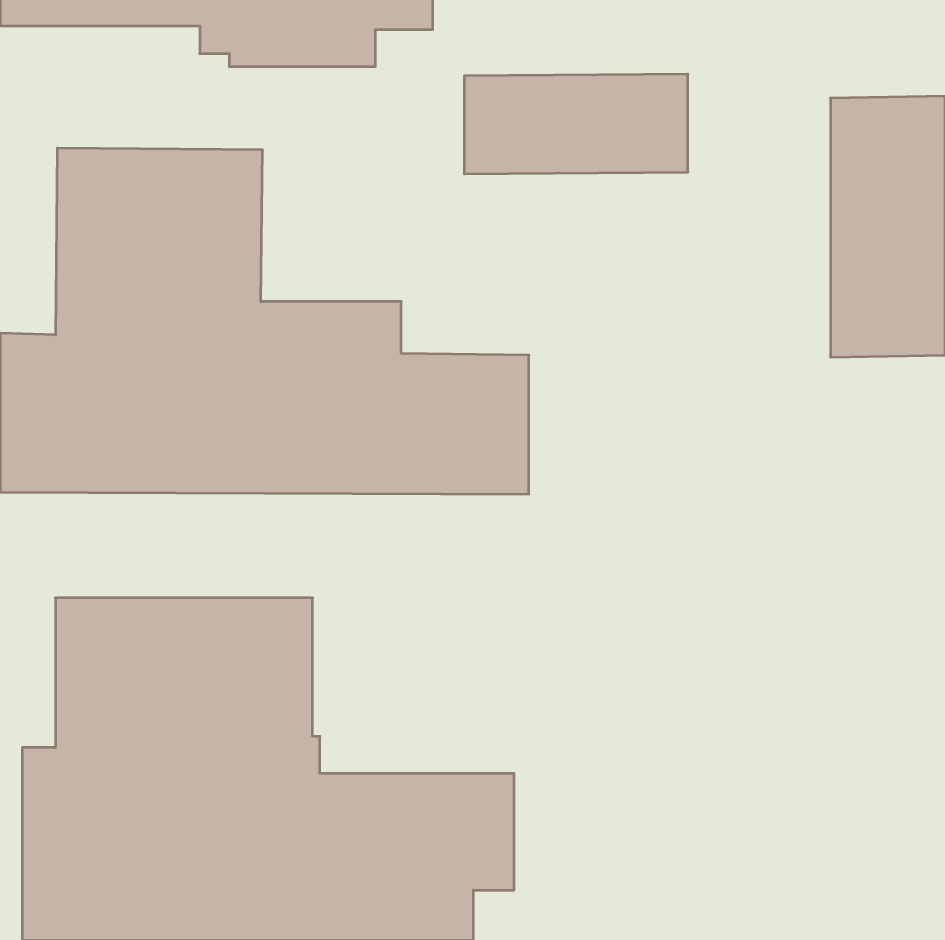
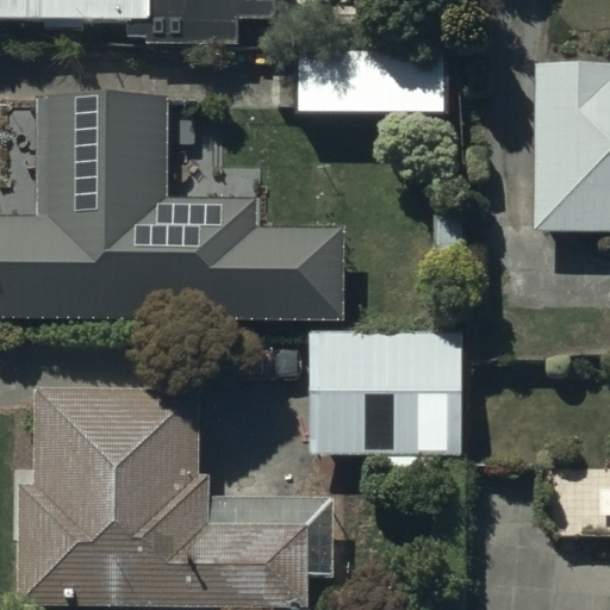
building: none -> [310,331,461,454]

